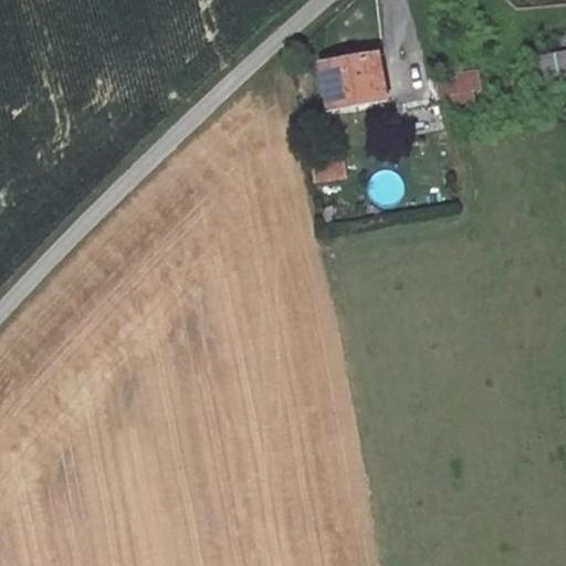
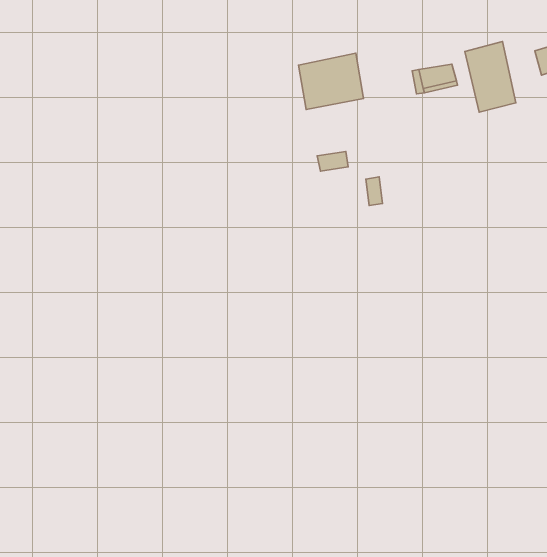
building: none -> [465,42,516,112]

